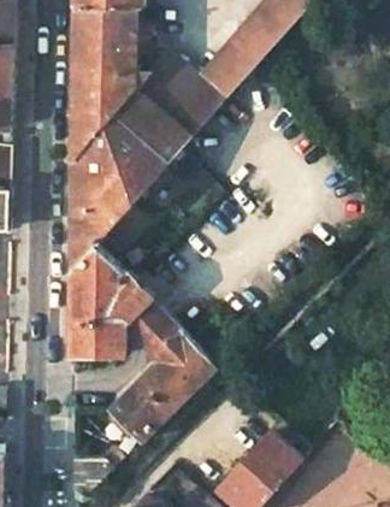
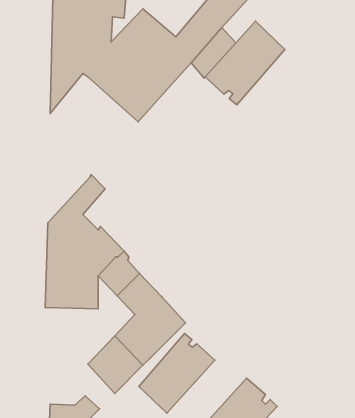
building: none -> [205,21,285,105]
building: [69,116,161,269] -> none
building: none -> [139,333,215,413]

